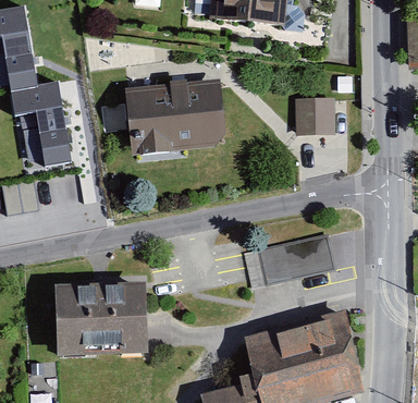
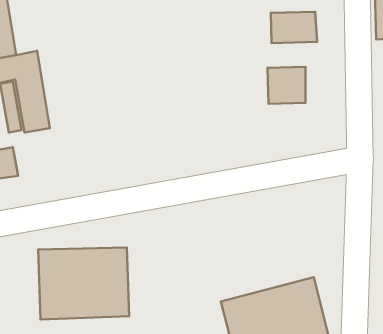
building: none -> [271,12,317,43]
building: [123,76,223,152] -> none
building: [260,235,336,286] -> none

